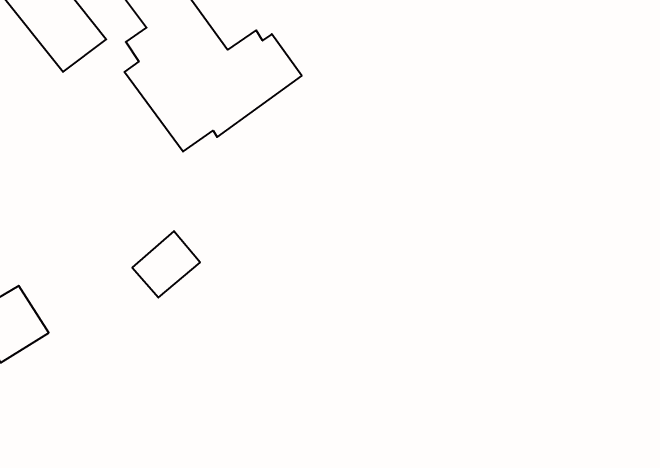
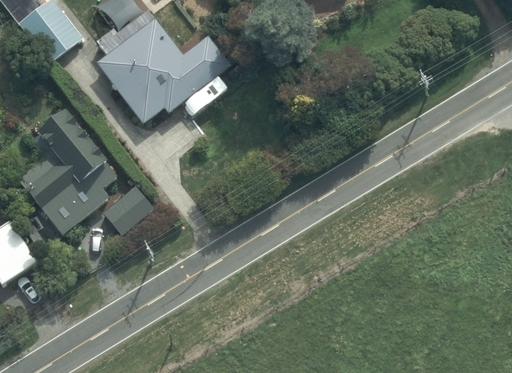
building: none -> [14,109,119,234]

